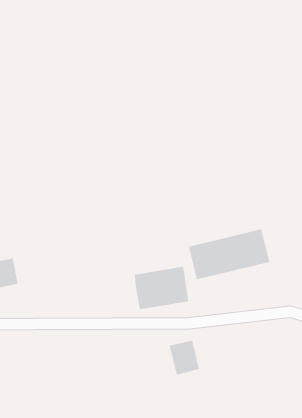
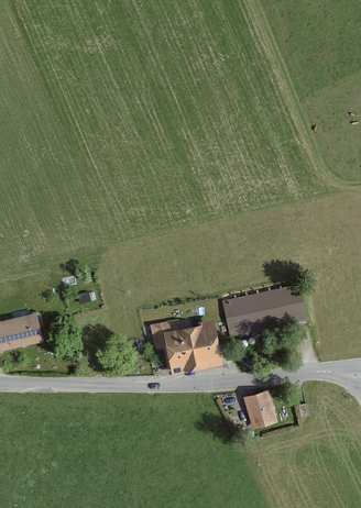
building: none -> [150,319,177,345]
building: [169,340,200,376] -> [243,390,276,428]

